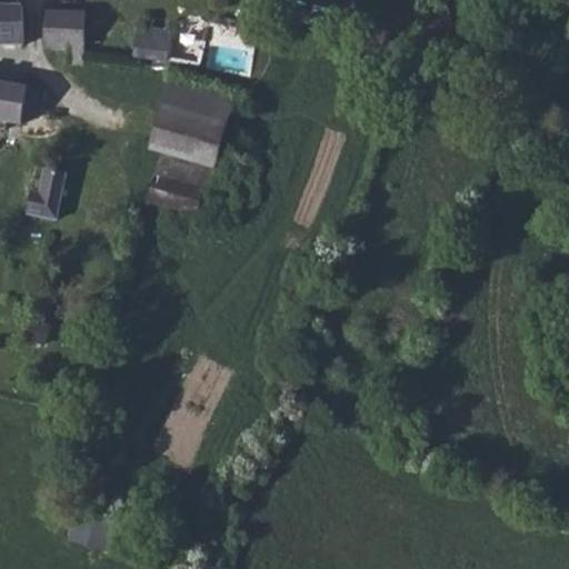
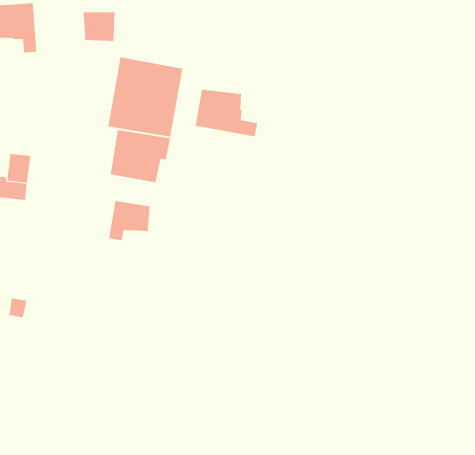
building: none -> [195,89,258,137]
building: none -> [108,200,150,241]

